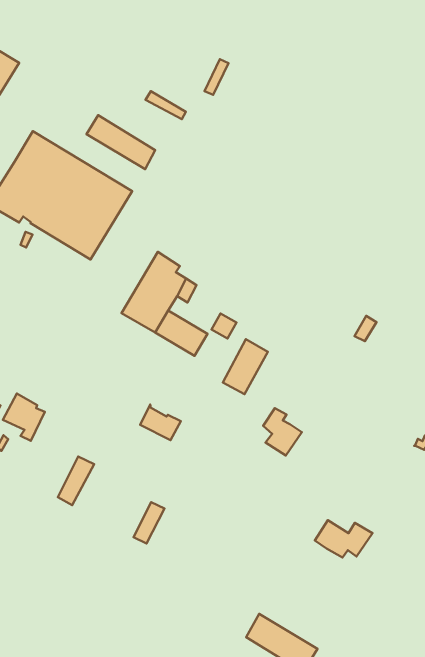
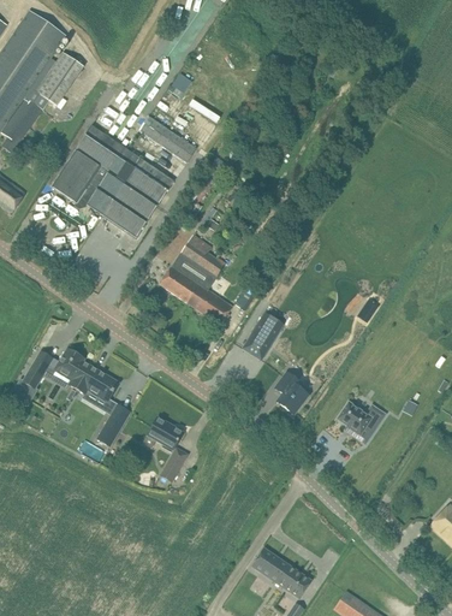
building: [140,405,181,440] -> [148,416,183,448]
building: none -> [77,365,119,401]
building: [315,520,372,557] -> [337,401,386,433]

